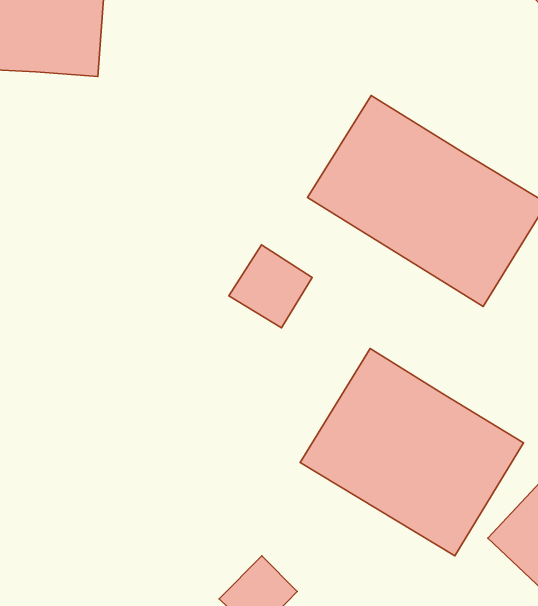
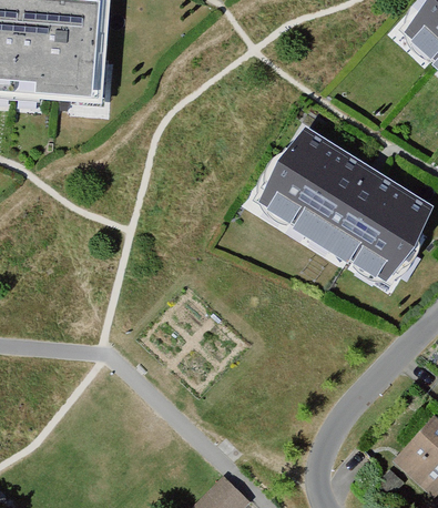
building: [229,245,312,328] -> none
building: [300,348,524,556] -> none

